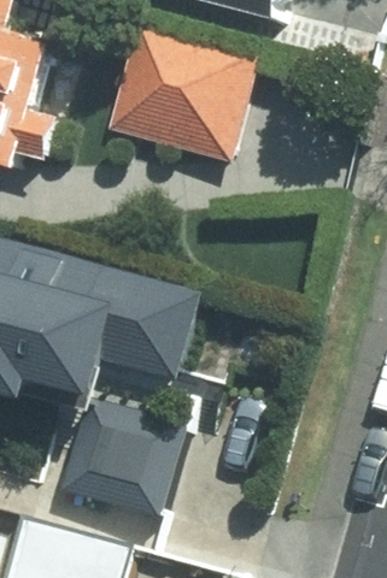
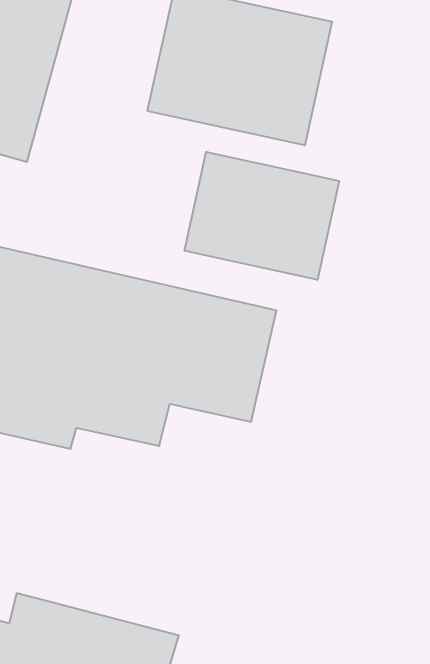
building: none -> [185,152,339,280]
building: [63,407,193,521] -> none

